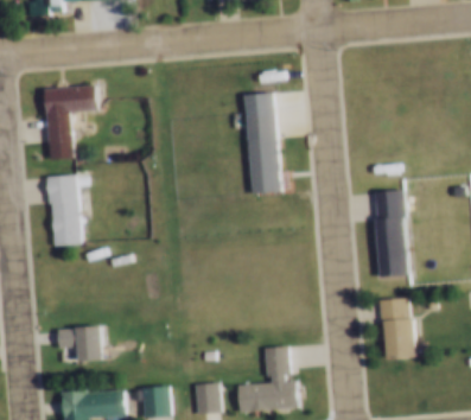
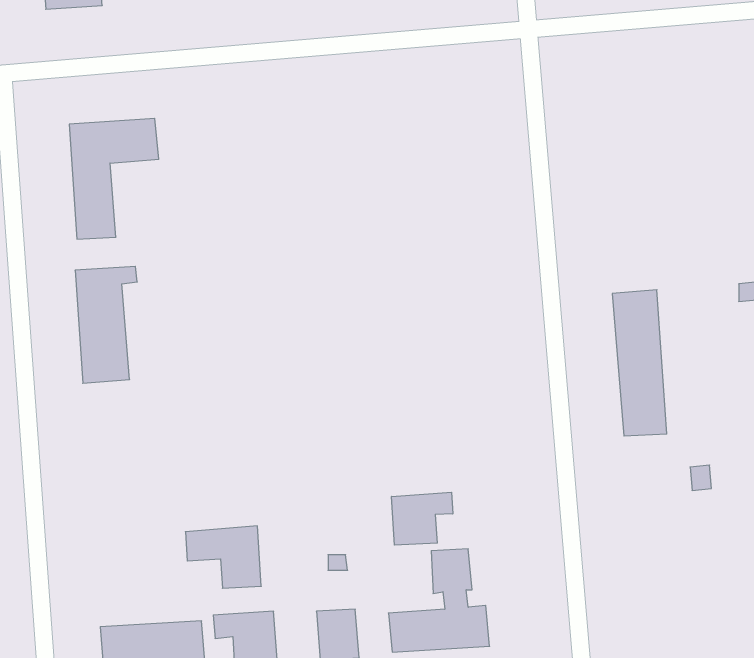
building: [243,93,280,195] -> none
building: [378,298,413,358] -> none
building: none -> [392,492,453,545]
building: [58,326,104,364] -> [185,526,261,588]

